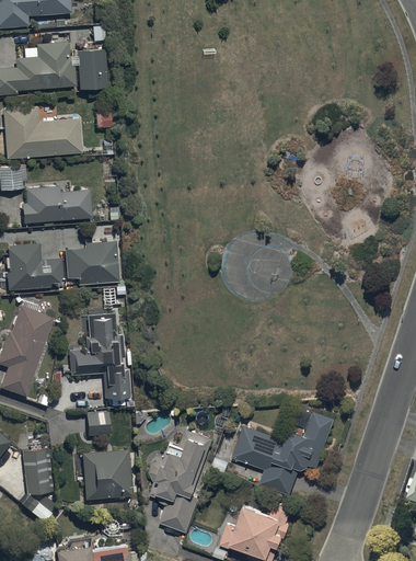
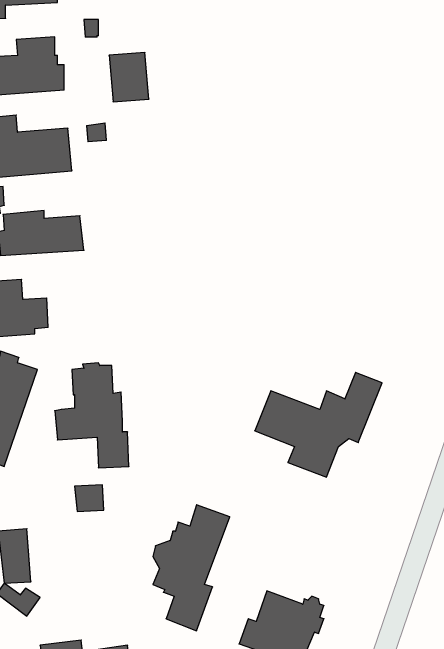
building: [76,48,108,89] -> [109,53,149,102]
building: [66,240,119,284] -> none
building: [231,409,336,495] -> [255,372,382,477]
building: [82,449,131,500] -> none

